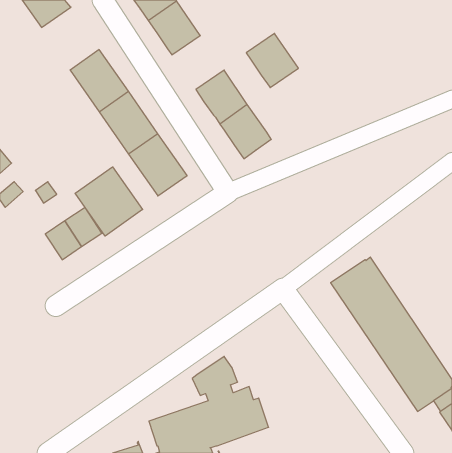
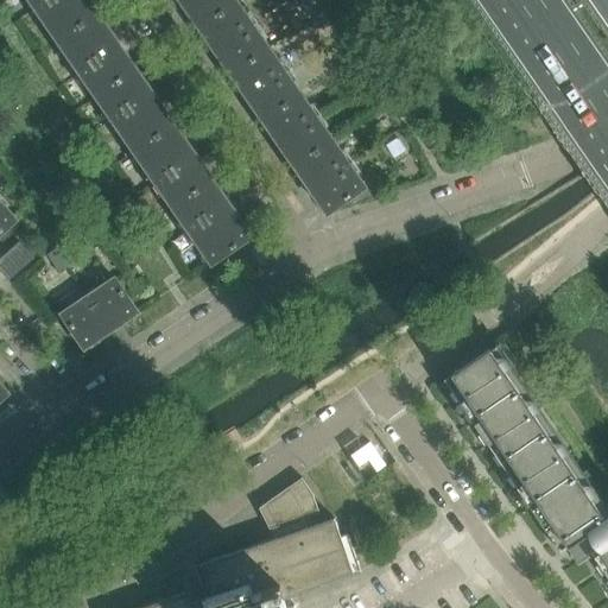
building: none -> [56,10,133,94]
building: [246,33,298,88] -> [230,48,300,120]
building: [75,167,143,236] -> none

